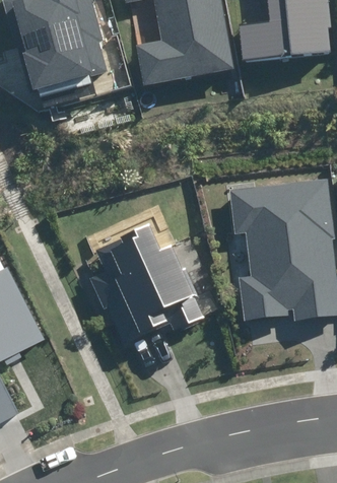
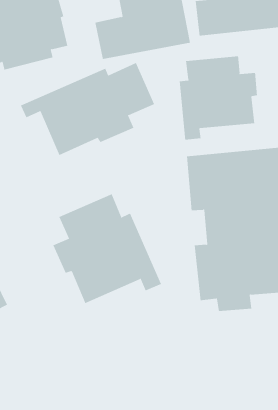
building: none -> [179,55,257,141]
building: none -> [20,62,155,156]

